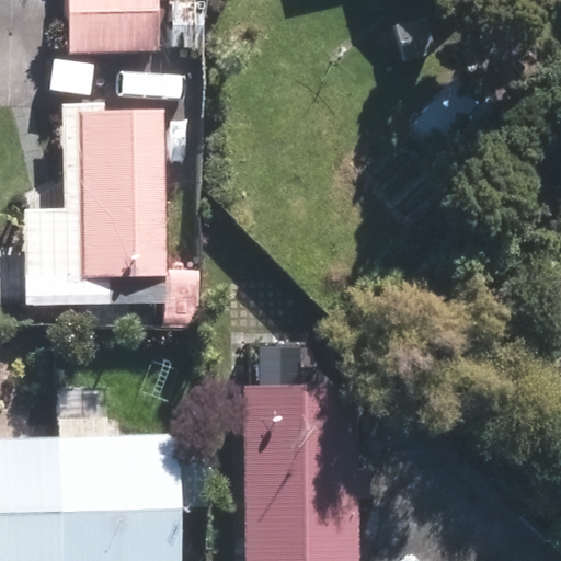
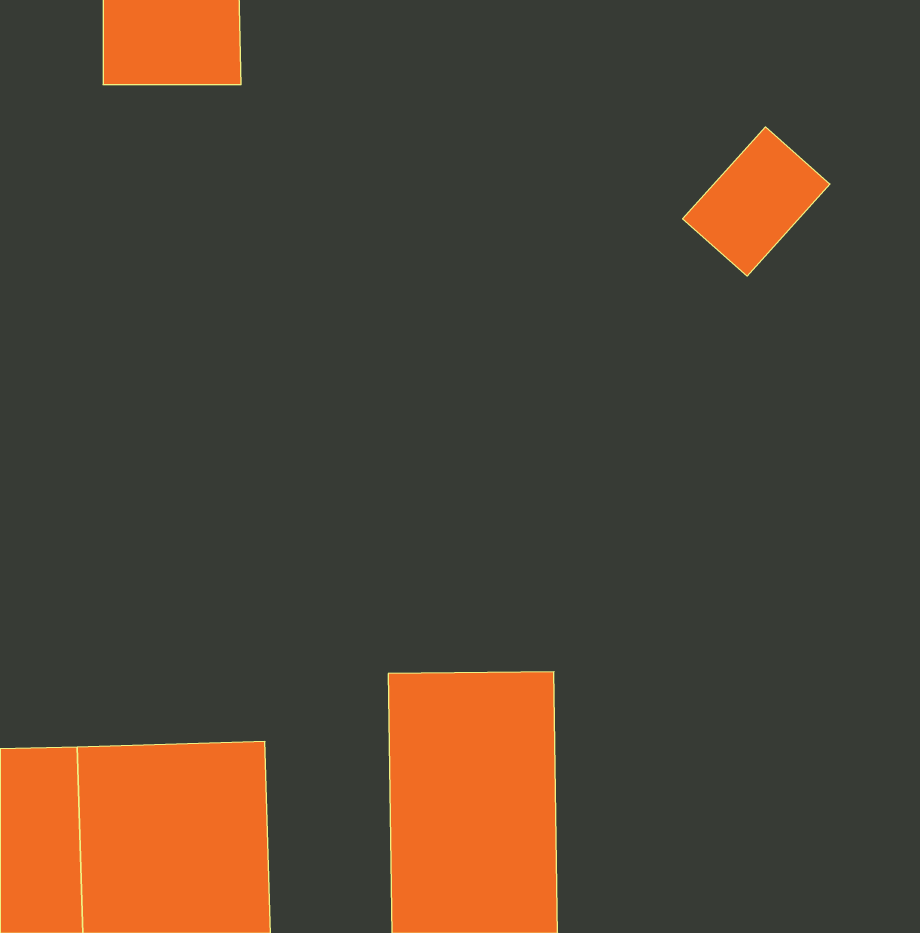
building: [82,117,159,279] -> none

